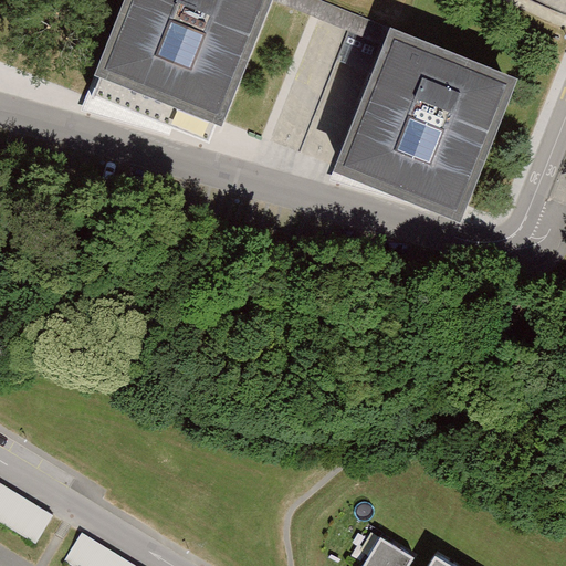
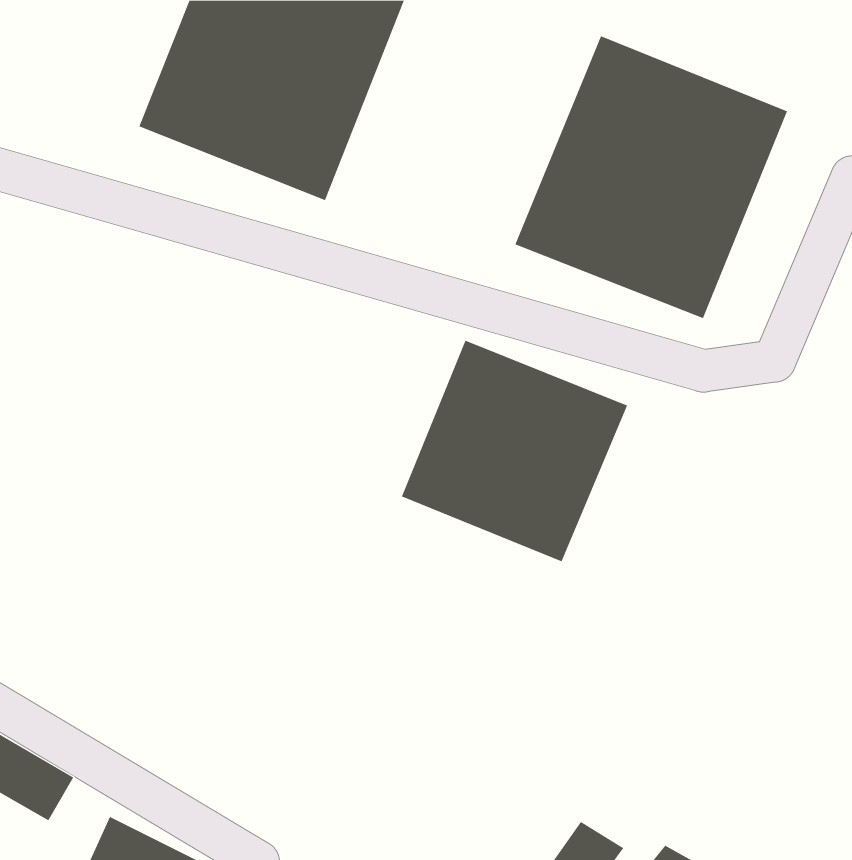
building: none -> [401,340,628,562]

